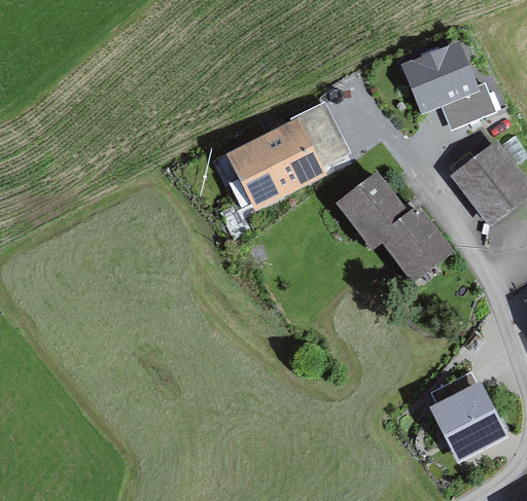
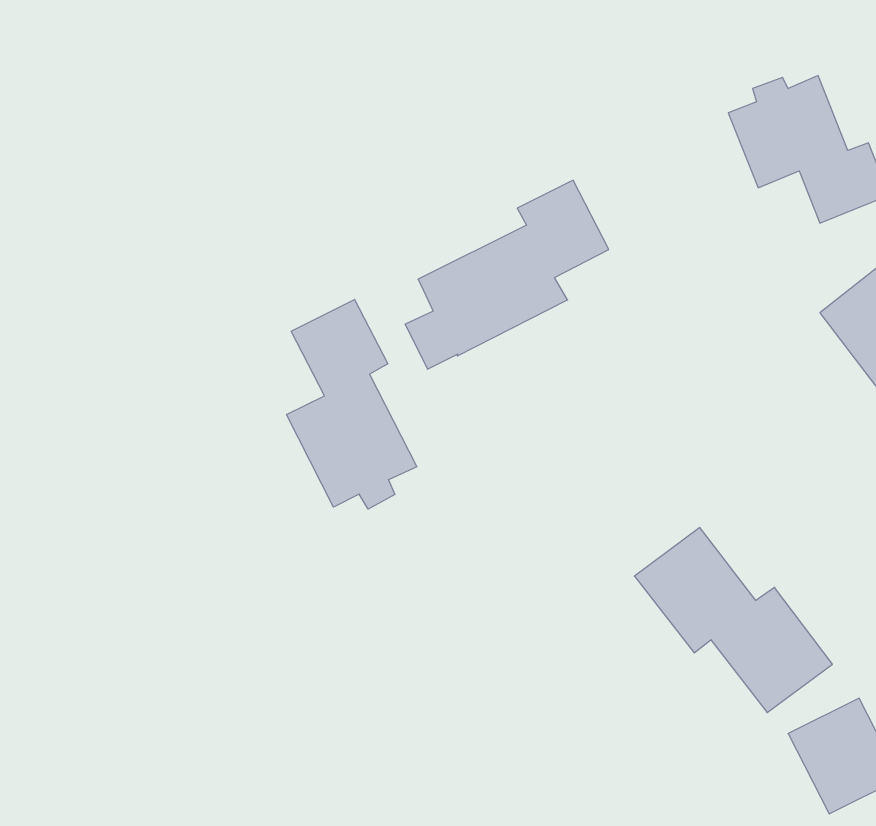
building: none -> [287,299,417,509]
building: [339,176,448,278] -> [634,528,832,713]

